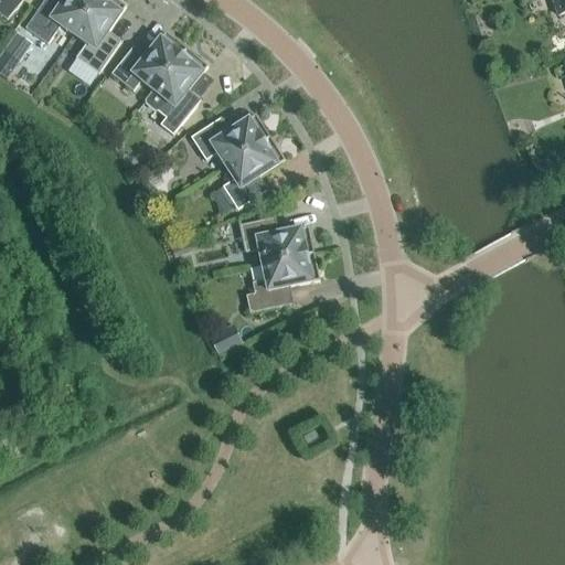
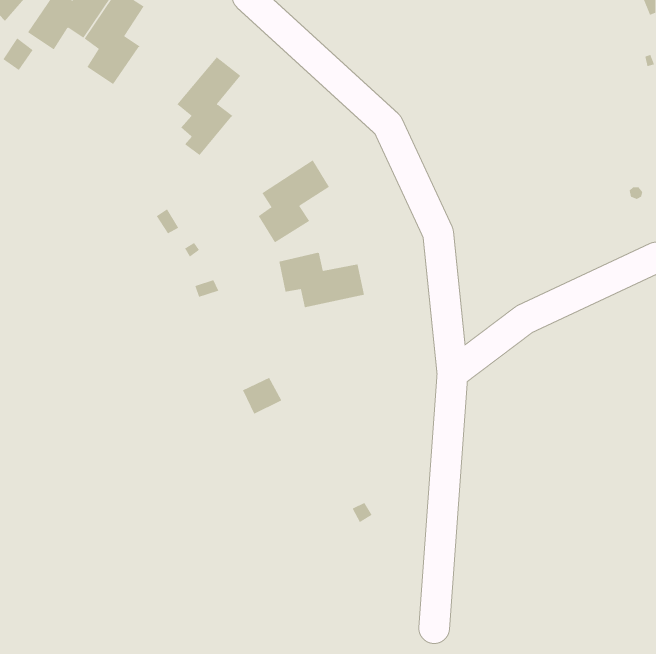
building: [109,31,185,90] -> none
building: [189,114,268,166] -> none
building: [244,253,318,312] -> none

